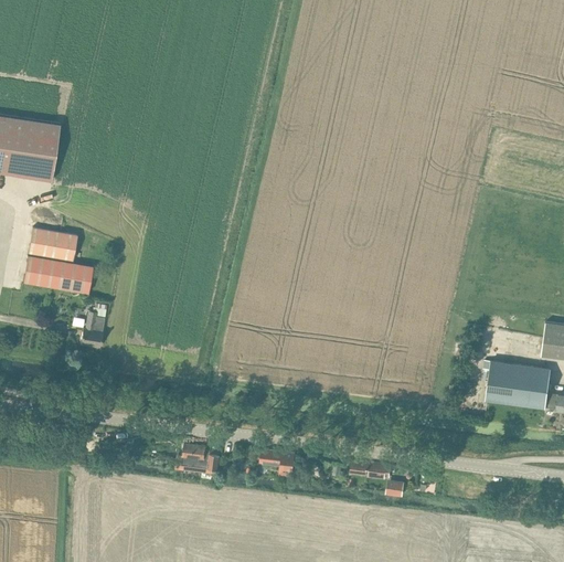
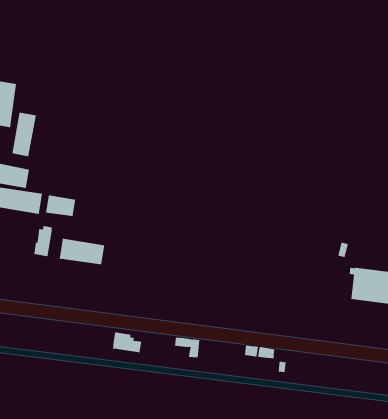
building: none -> [12,112,37,157]
building: none -> [45,194,76,217]
building: none -> [59,238,105,265]

